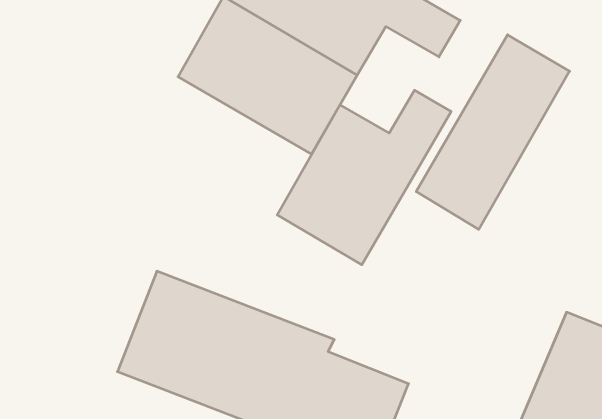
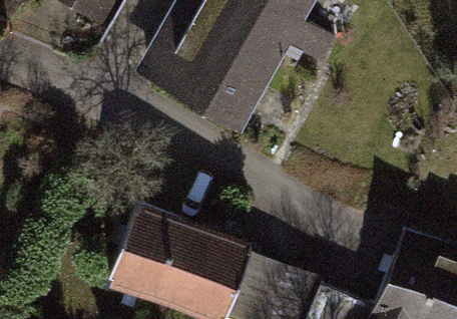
building: [416,35,570,229] -> none
building: [277,90,451,265] -> none

